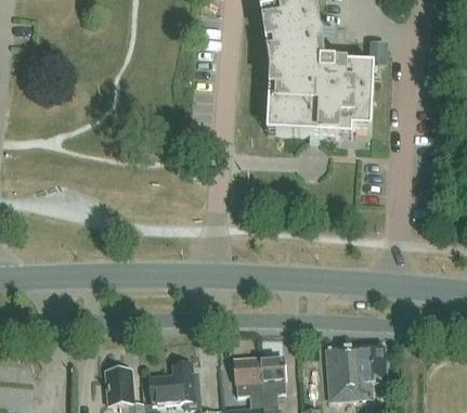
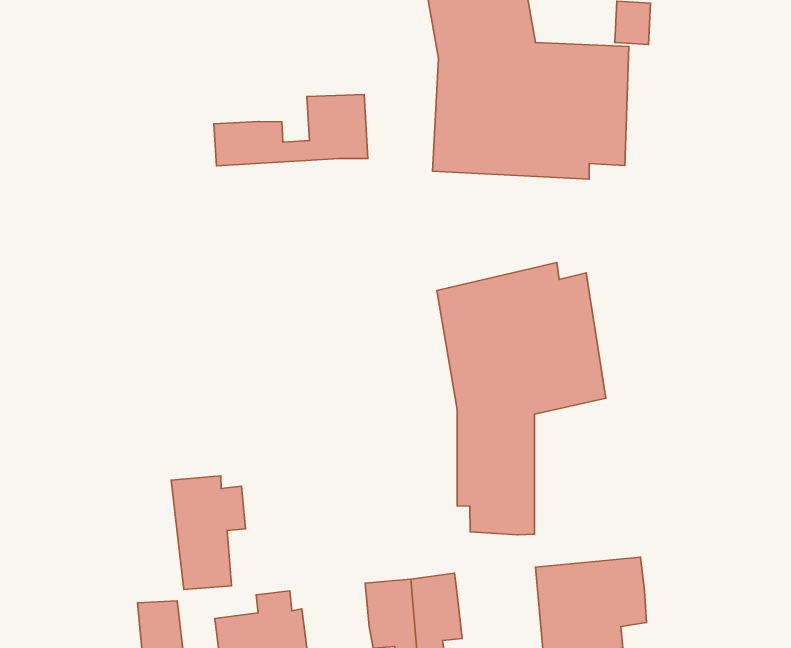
building: none -> [214,94,368,166]
building: none -> [437,263,606,535]
building: none -> [171,476,246,590]

